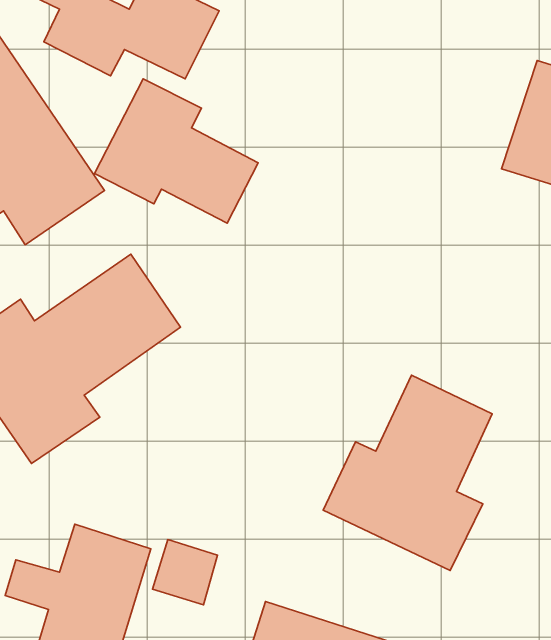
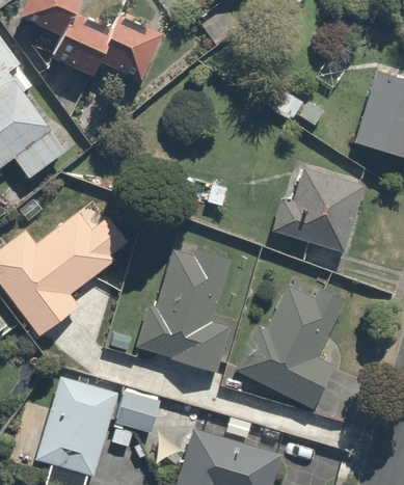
building: [94,79,258,223] -> none
building: none -> [269,167,361,253]
building: none -> [136,244,234,372]

